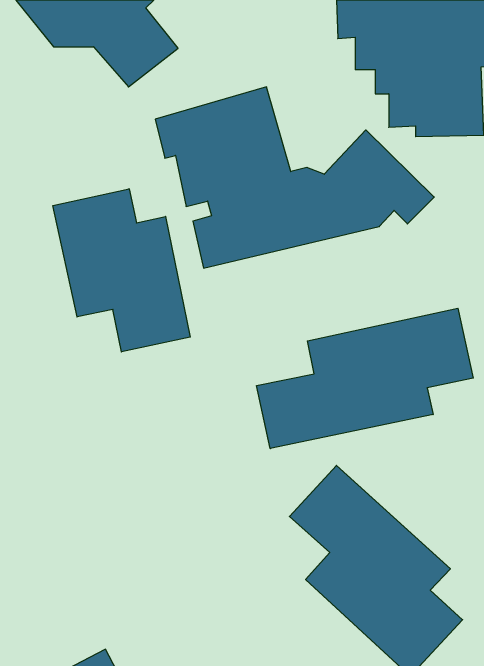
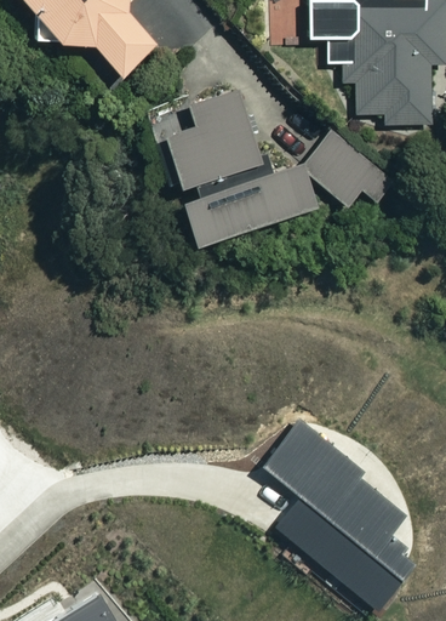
building: [53,189,190,352] -> none
building: [257,308,473,449] -> none

